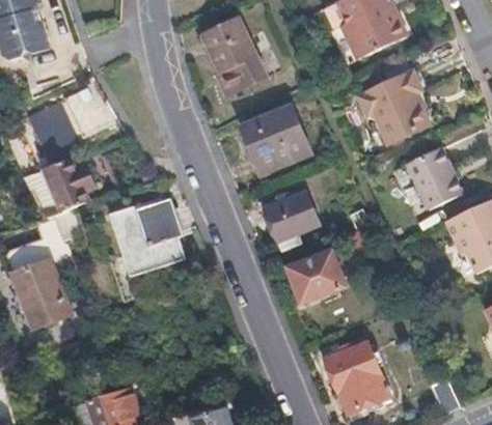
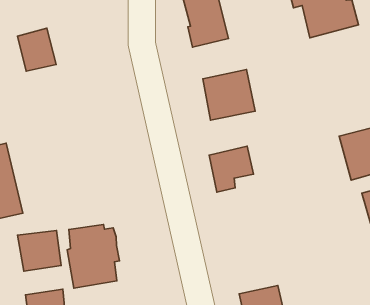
building: [358,72,429,143] -> none
building: [45,158,85,209] -> none
building: [121,195,185,272] -> [67,224,119,288]
building: [290,254,344,301] -> none
building: none -> [17,231,61,271]

